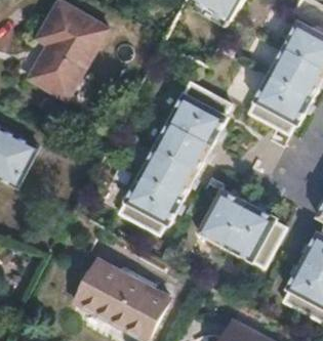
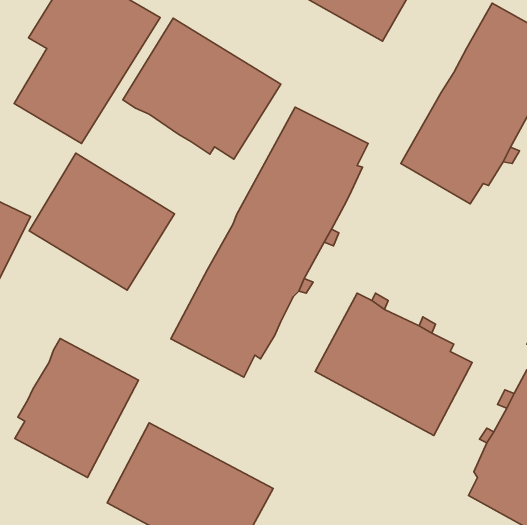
building: none -> [123,18,281,159]
building: none -> [29,153,174,290]
building: none -> [15,339,139,477]

